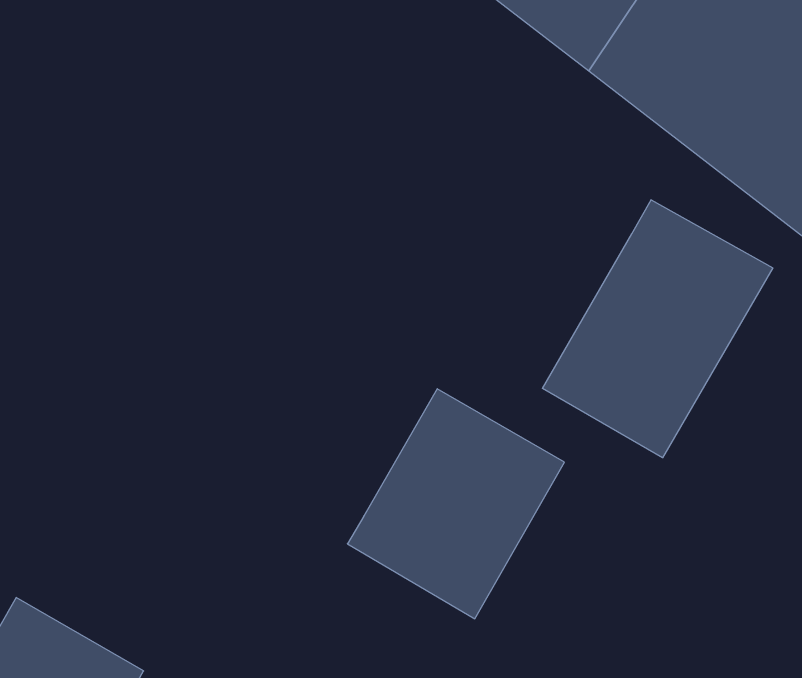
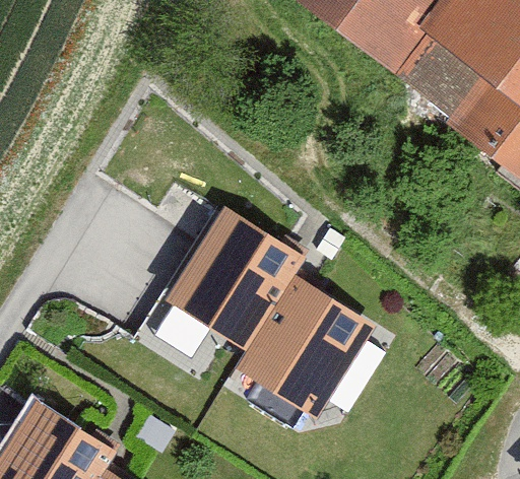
building: [542,200,773,458] -> none
building: none -> [165,208,301,351]

